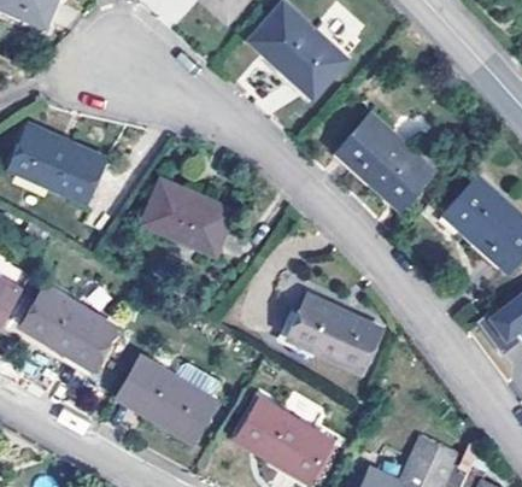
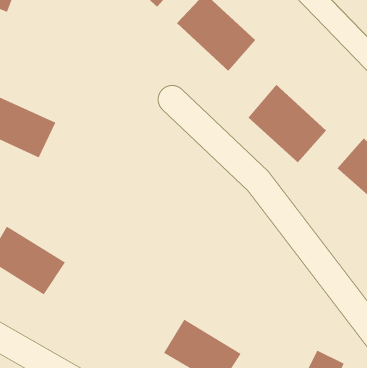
building: [141,177,235,256] -> none
building: [283,293,382,372] -> none
building: [116,358,216,444] -> none

